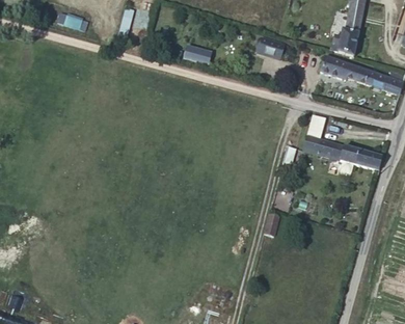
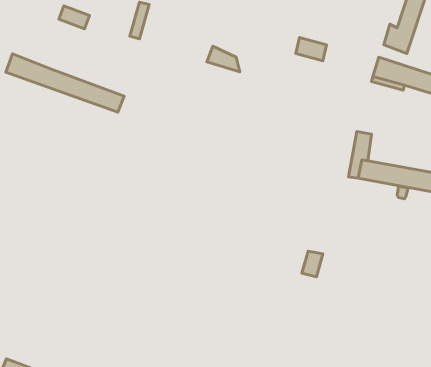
building: none -> [6,54,124,112]

